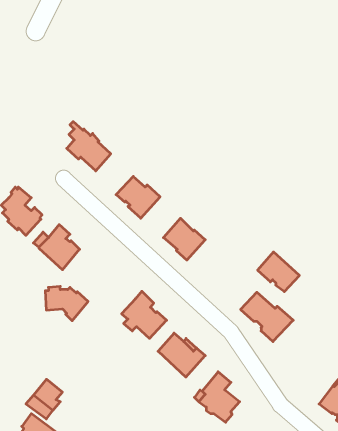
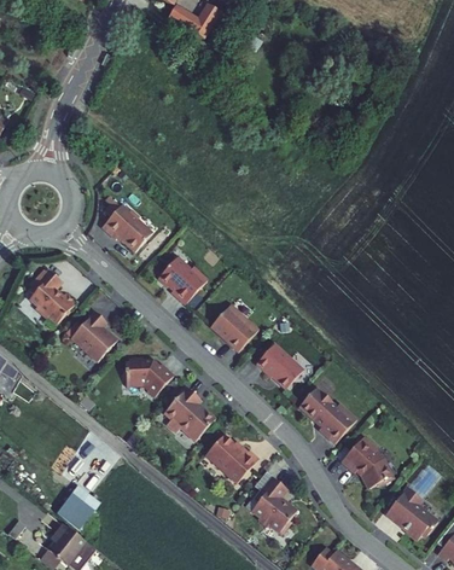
building: [258,252,299,292] -> [256,344,303,389]
building: [45,286,88,321] -> [126,357,174,396]
building: none -> [342,436,392,488]

